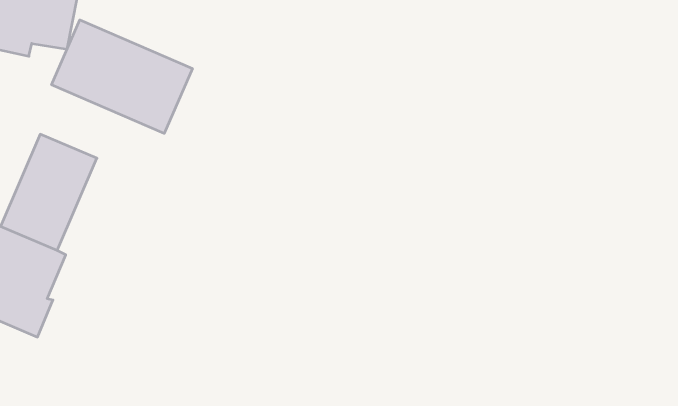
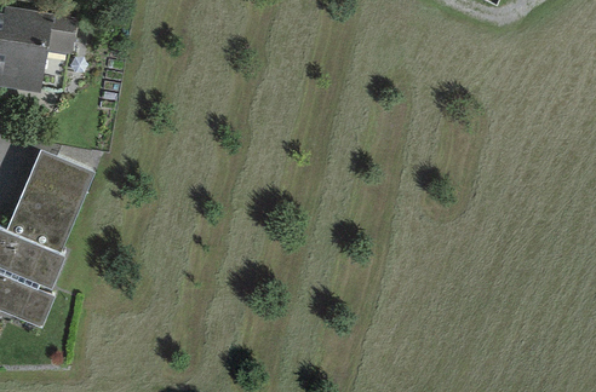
building: [52,20,192,133] -> none

